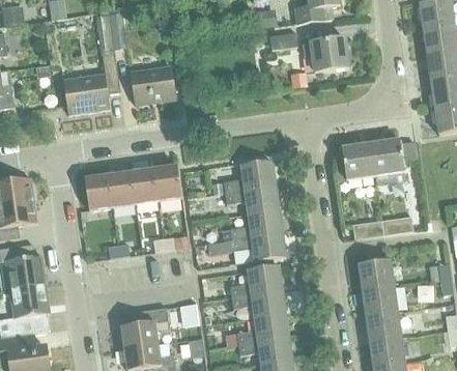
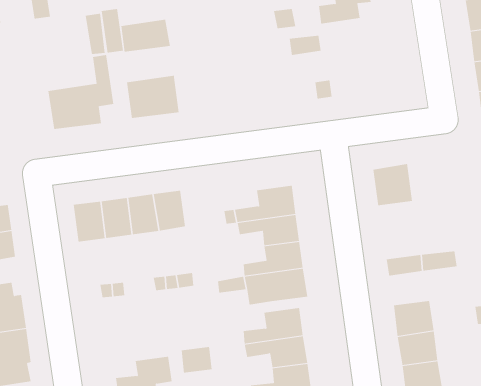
building: none -> [121,19,170,52]
building: [301,37,348,69] -> none
building: [371,138,417,183] -> none

